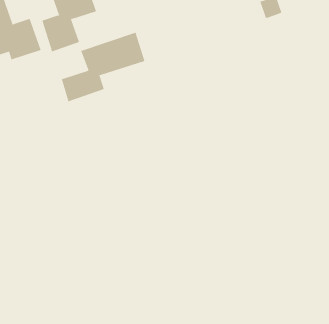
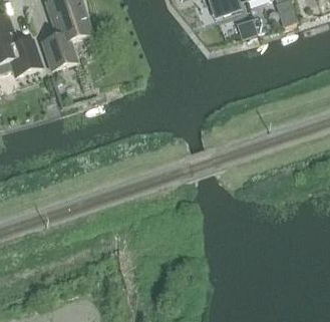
building: [61,32,145,102] -> none

